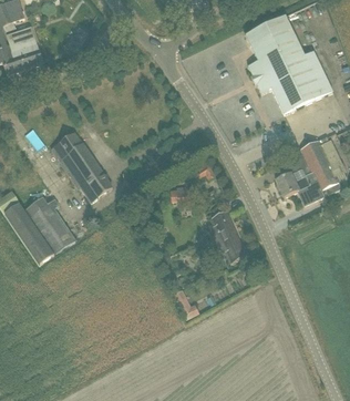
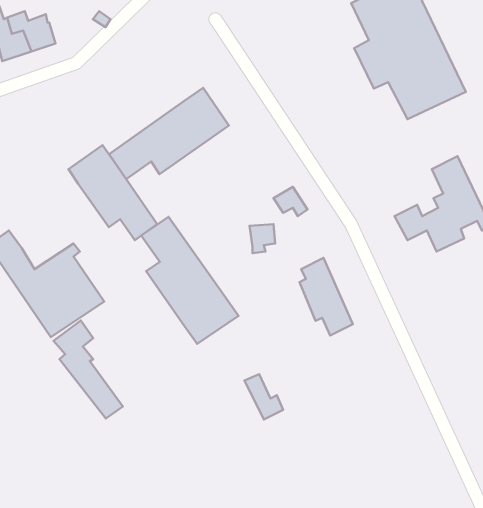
building: none -> [109,88,229,179]
building: none -> [141,217,238,344]
building: none -> [53,320,123,419]

